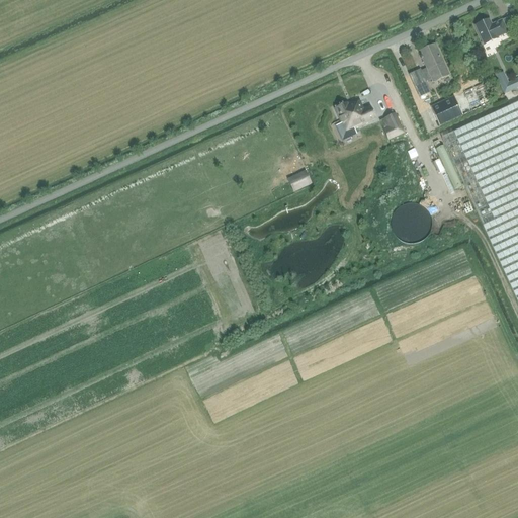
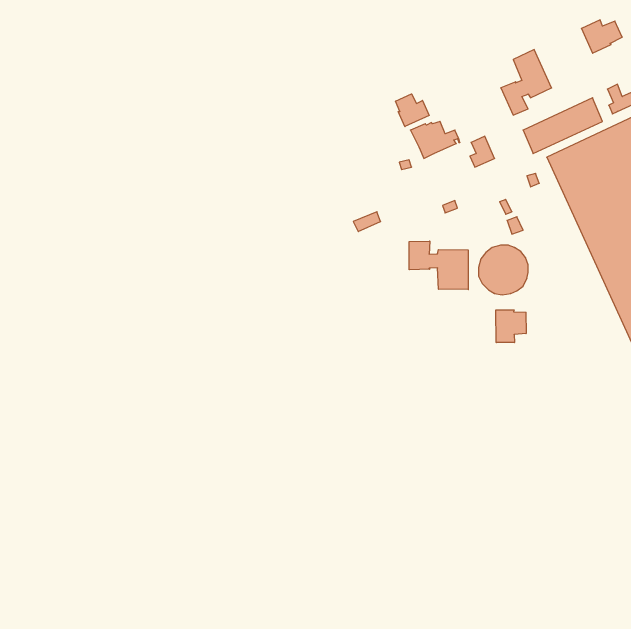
building: none -> [396,94,429,127]
building: none -> [409,241,468,290]
building: none -> [496,310,526,343]

